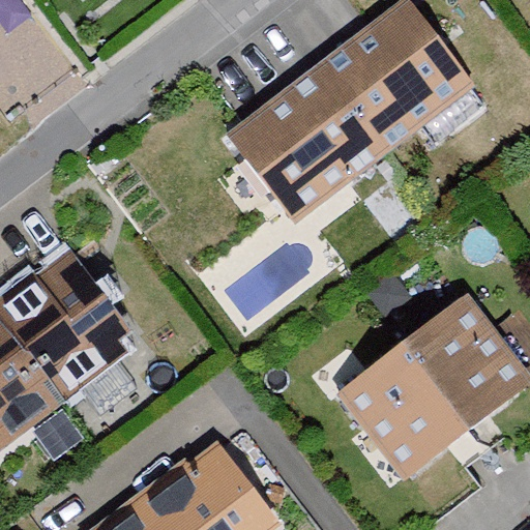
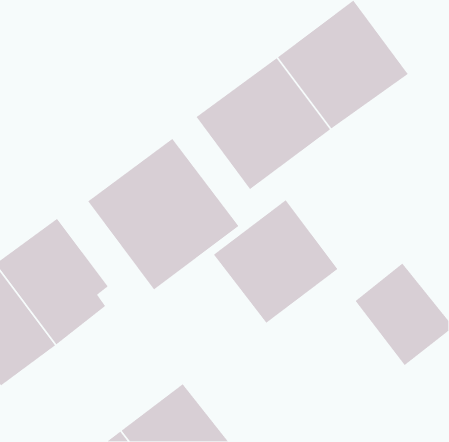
building: none -> [87,138,240,290]
building: none -> [213,199,339,324]
building: [350,349,469,471] -> none

